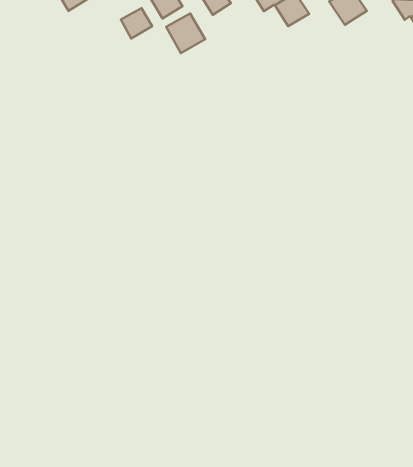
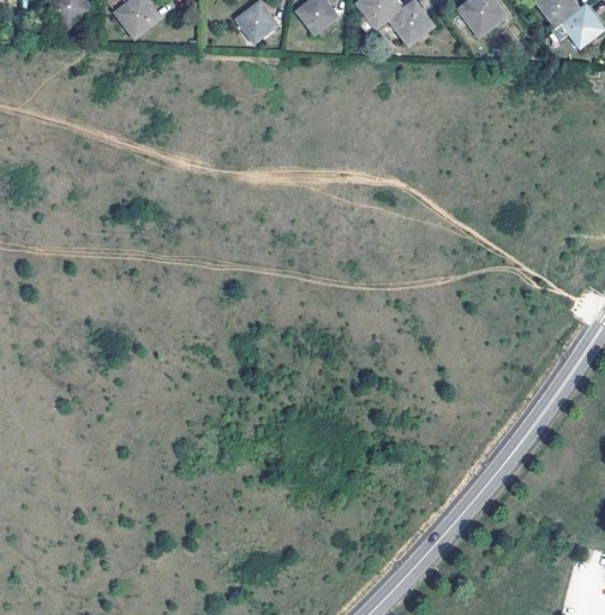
building: [121,8,152,38] -> none
building: [166,14,205,53] -> none

